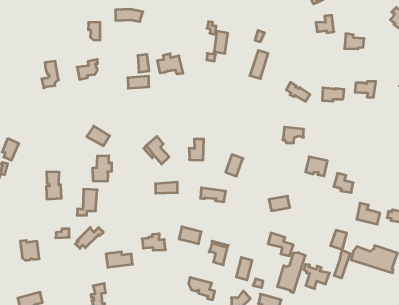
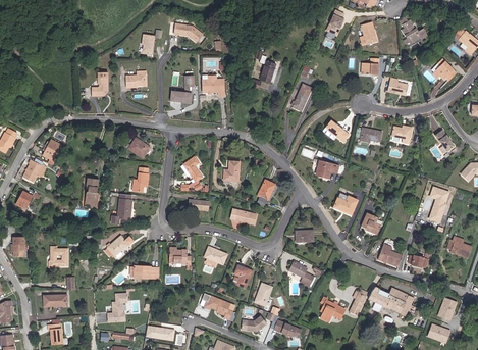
building: [277,252,305,293] -> none

